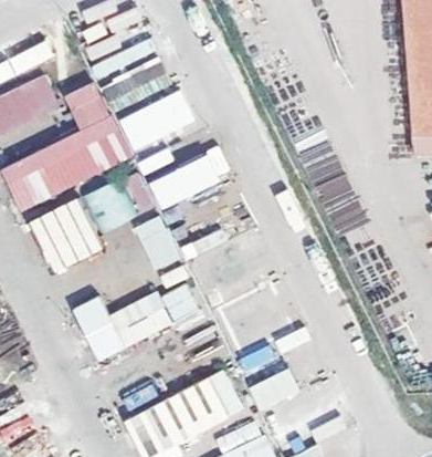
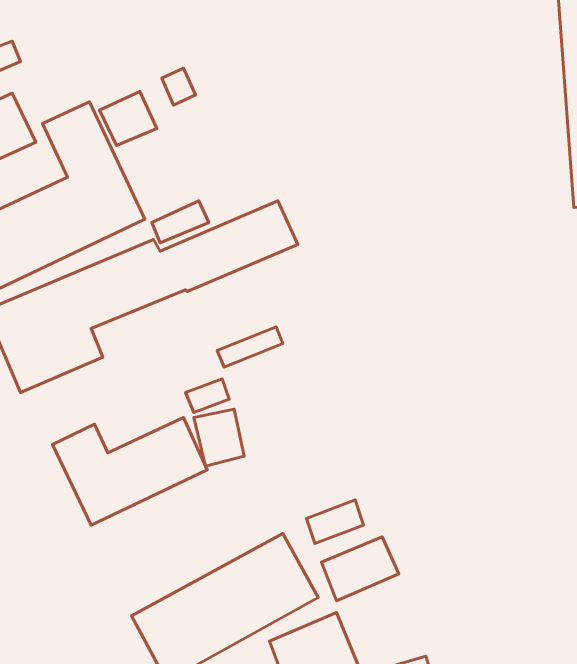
building: [135,214,182,271] -> none

